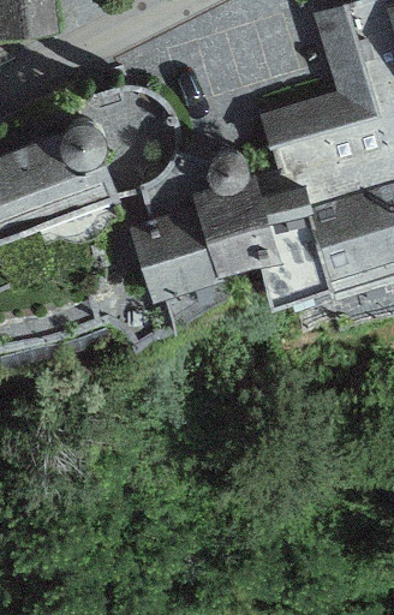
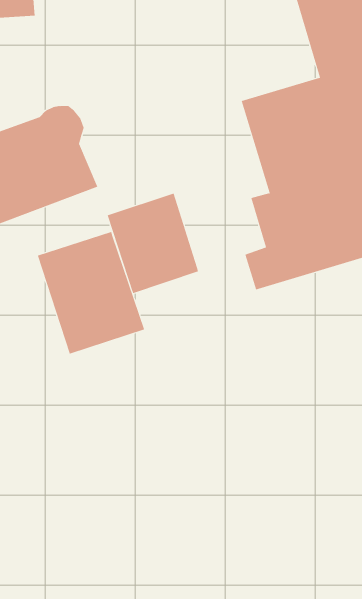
building: [191,150,283,277] -> none
building: none -> [37,231,145,354]

